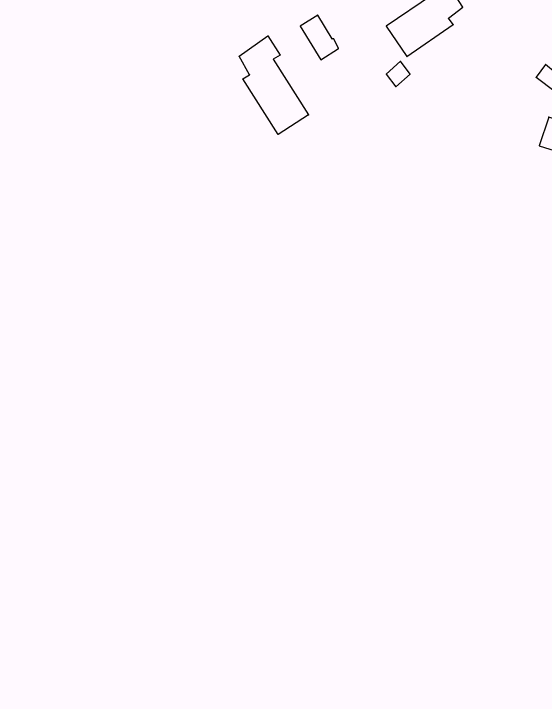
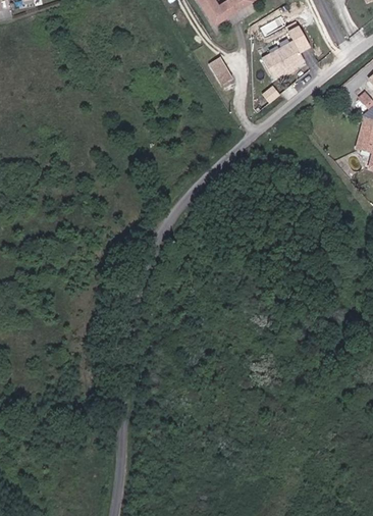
building: [239,36,309,134] -> none

